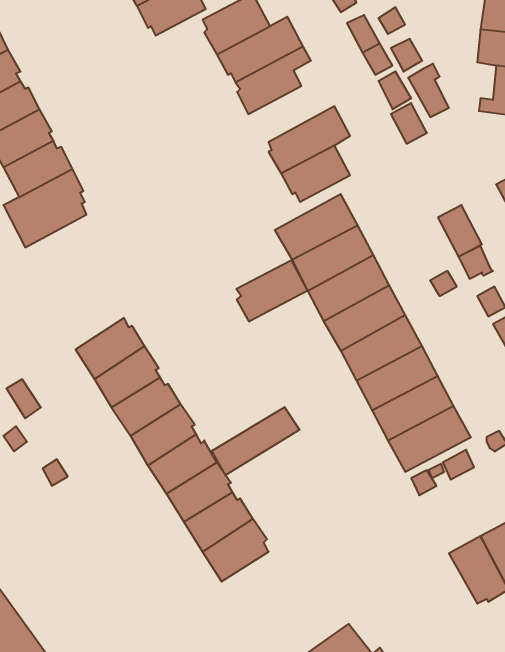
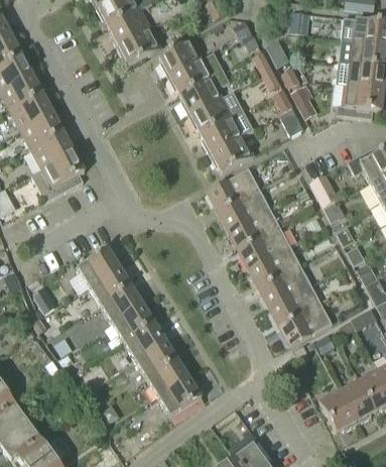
building: none -> [187,92,243,134]
building: [236,260,308,322] -> none
building: [212,407,299,475] -> none

